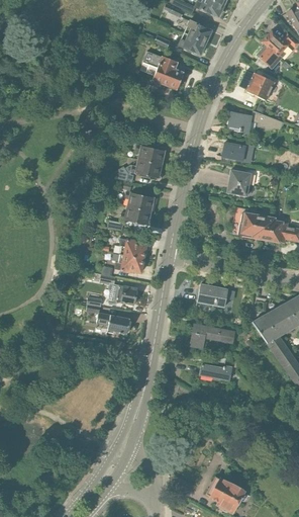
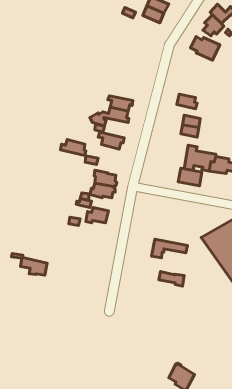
building: [144,52,184,89] -> none
building: [228,110,284,133] -> none
building: [120,205,152,226] -> [61,139,86,156]
building: [198,284,227,307] -> [178,168,202,186]
building: [86,307,130,334] -> [11,253,47,275]

